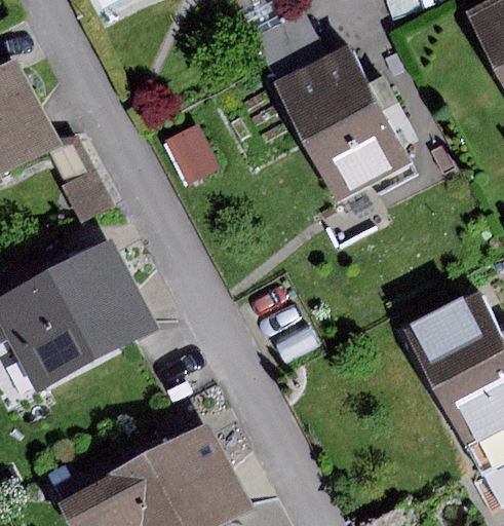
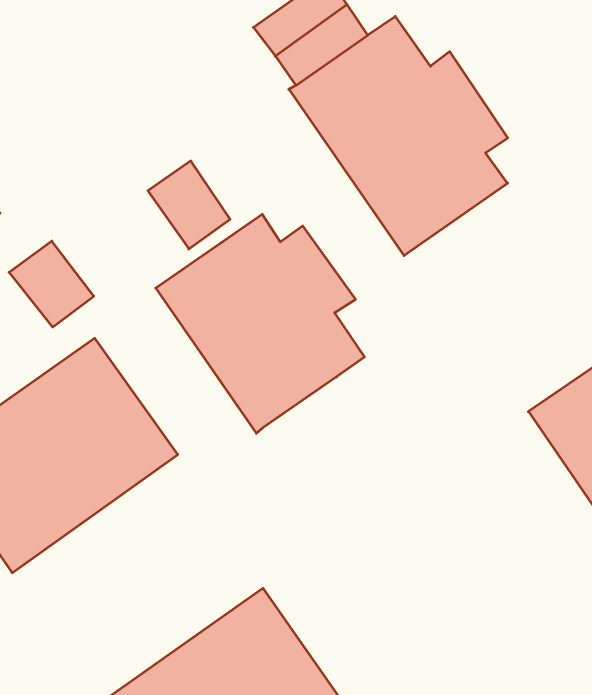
building: none -> [156,214,364,433]

